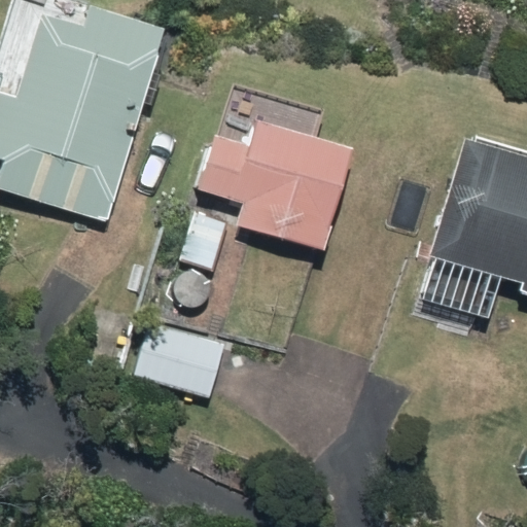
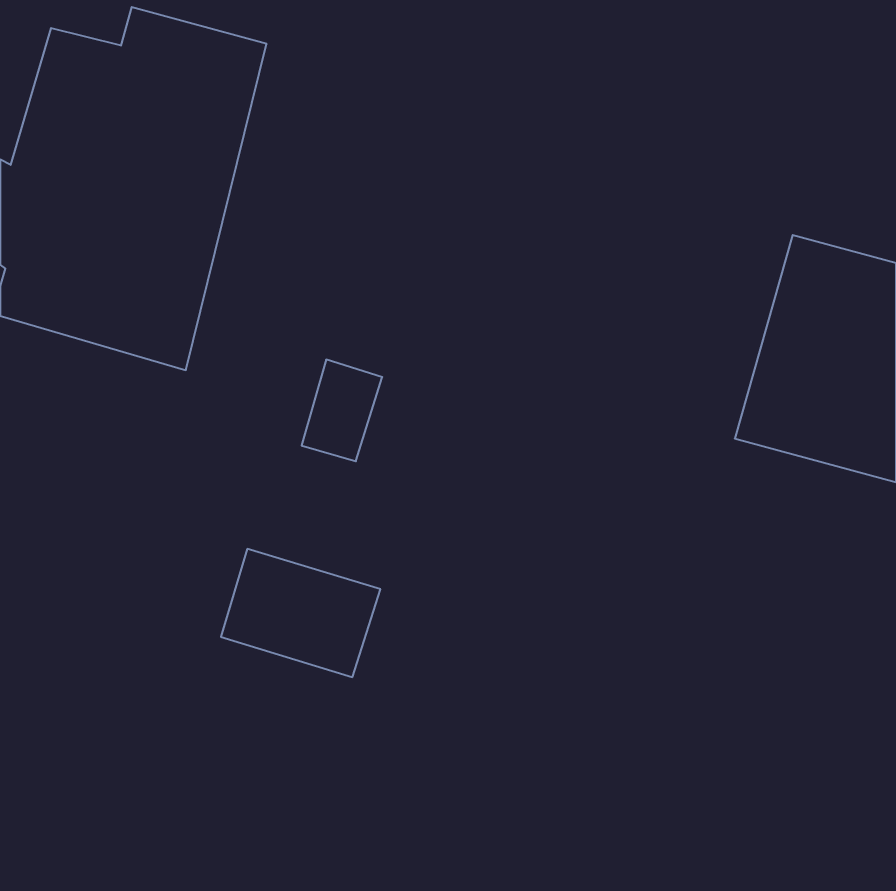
building: [198,121,351,249] -> none

